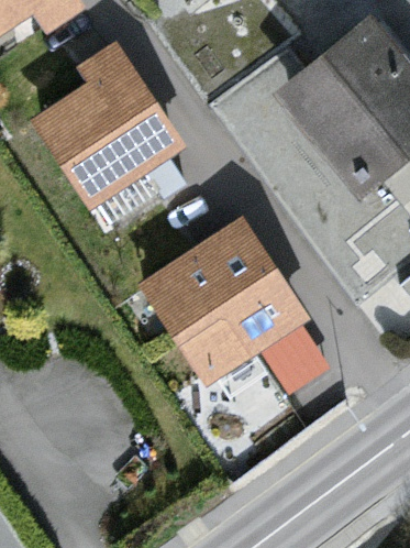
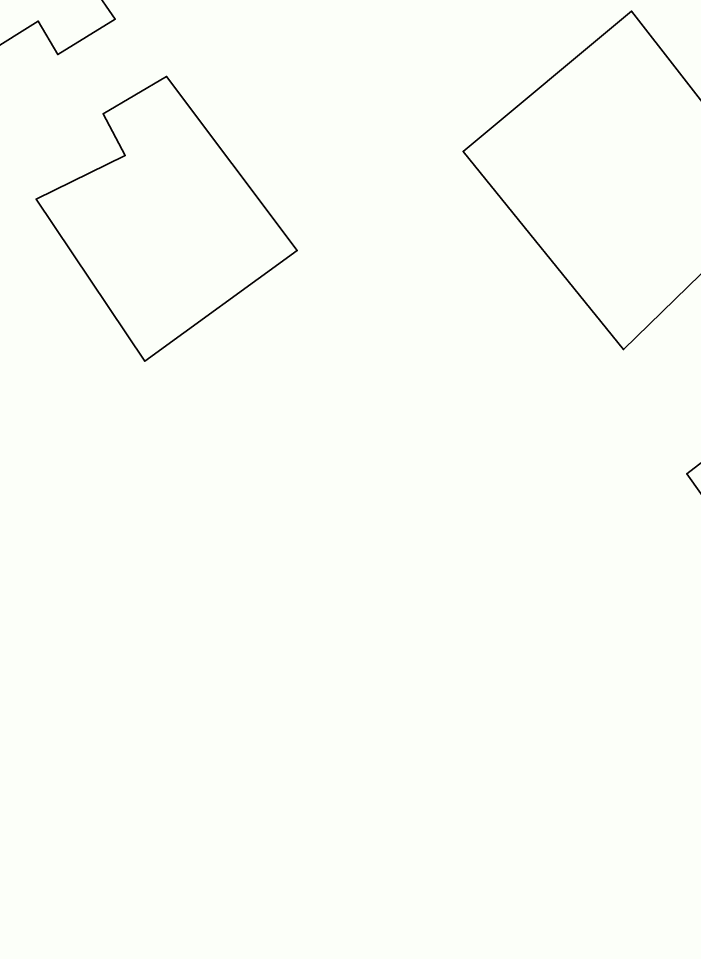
building: [143,227,304,383] -> none

